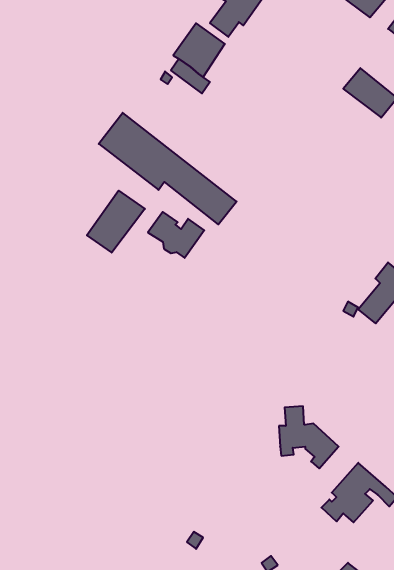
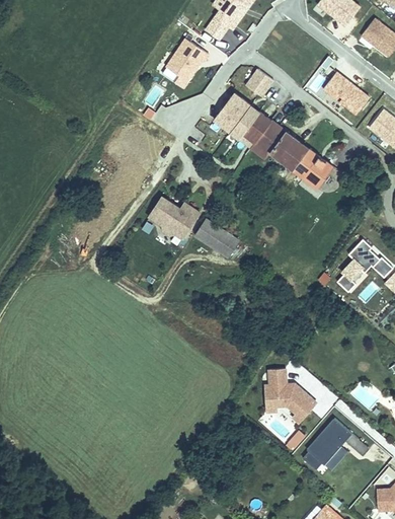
building: none -> [245,70,273,97]
building: [99,113,237,224] -> [213,93,334,192]
building: [87,191,145,253] -> none
building: none -> [196,218,238,255]

